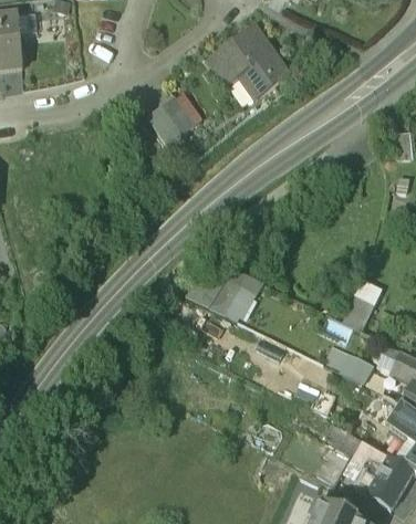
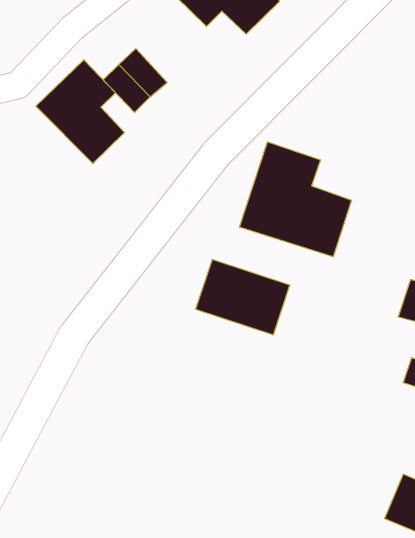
building: none -> [36,60,124,164]
building: none -> [239,142,352,257]

